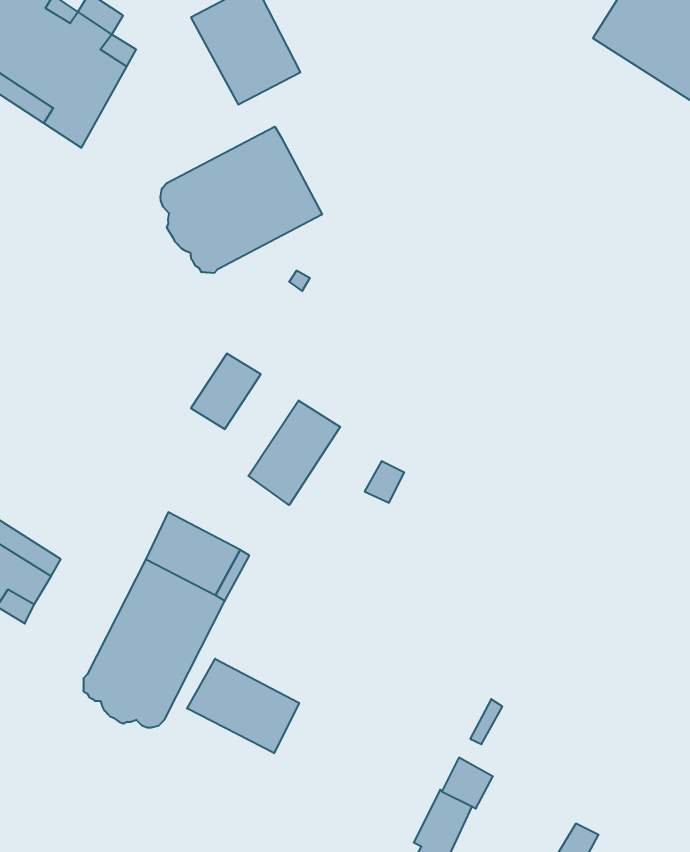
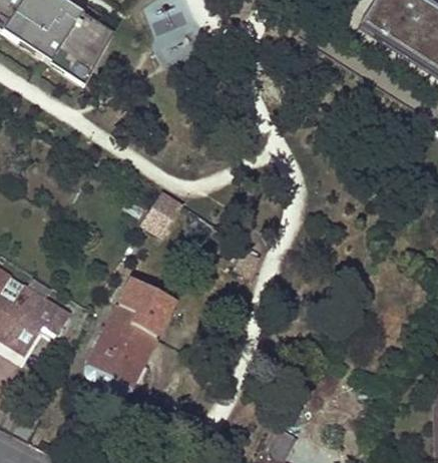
building: [161,127,322,273] -> none
building: [248,400,340,505] -> none
building: [187,659,299,753] -> none

